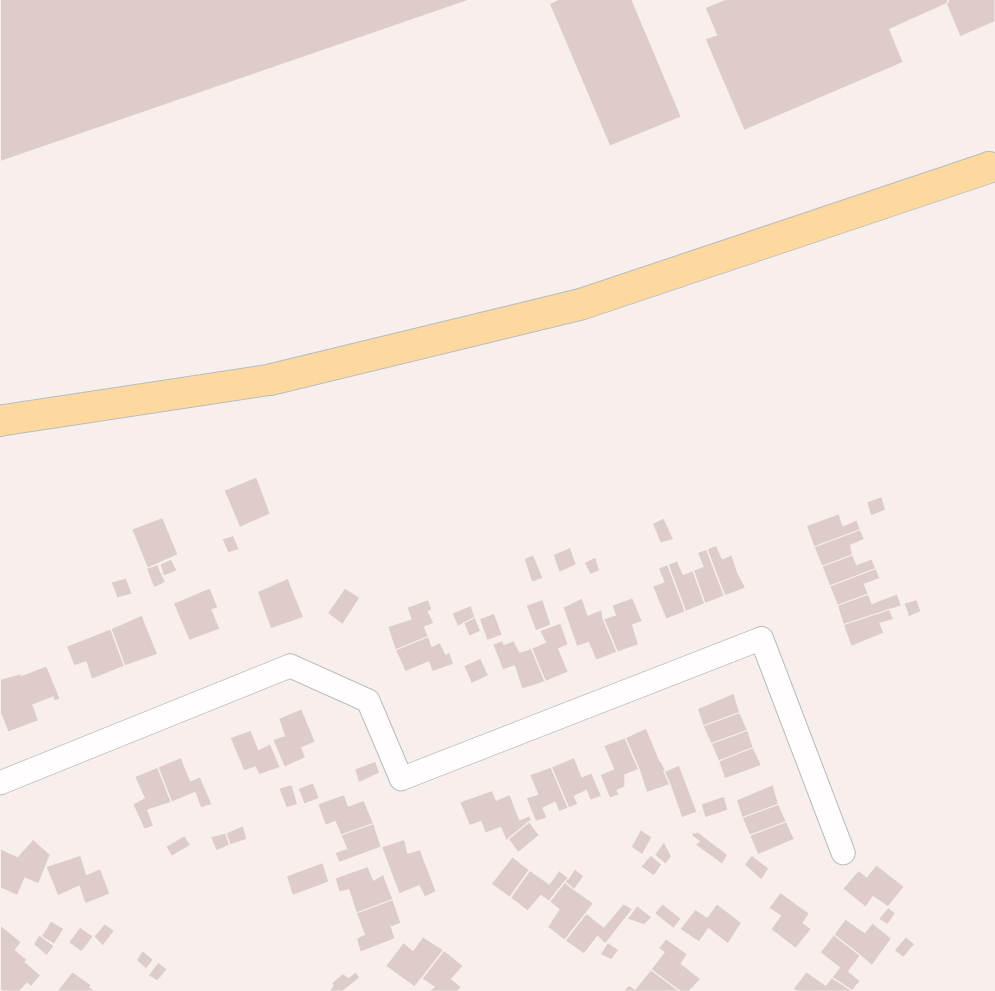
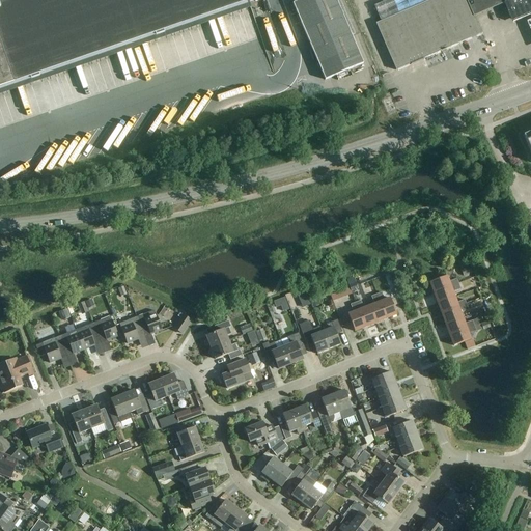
building: [224,477,270,527] -> [119,315,144,342]
building: [132,518,178,568] -> [76,322,101,348]
building: none -> [222,358,250,387]
building: none -> [161,372,189,397]
building: none -> [109,393,132,423]
building: [382,839,436,897] -> none
building: [46,855,110,904] -> [27,424,61,450]
building: [843,865,904,908] -> none
building: [769,892,811,949] -> [381,462,403,492]

